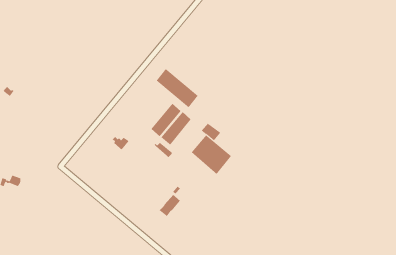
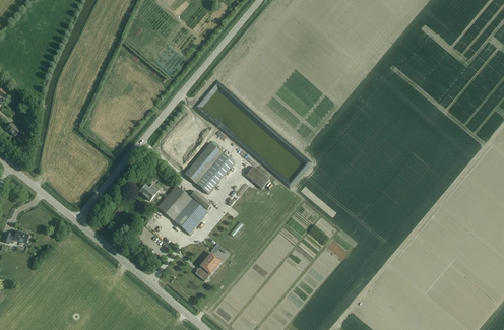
building: [156,68,198,108] -> none
building: [191,134,232,175] -> [158,185,207,234]

